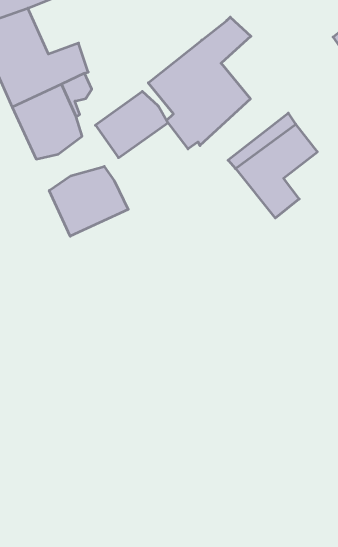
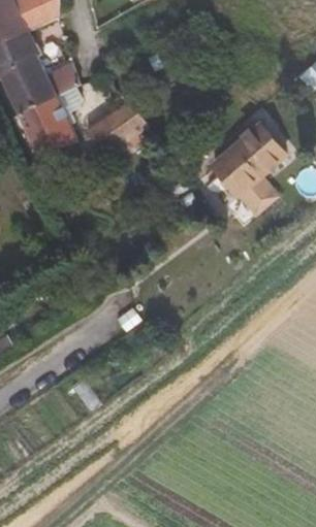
building: [148,17,251,149] -> none
building: [49,166,128,236] -> none

